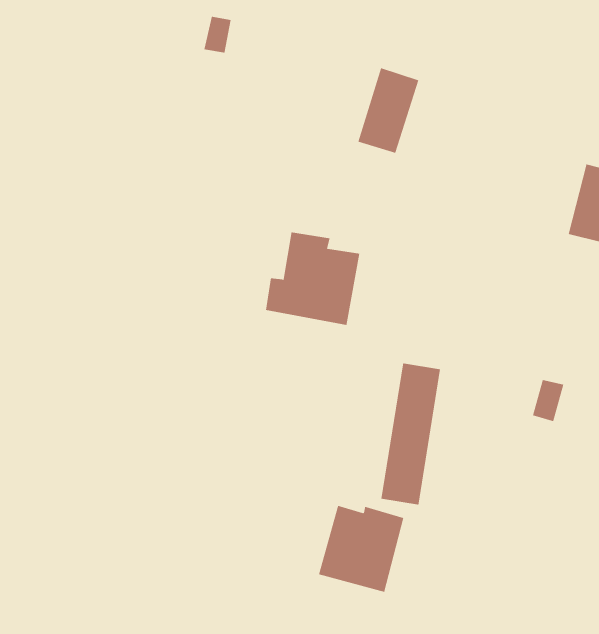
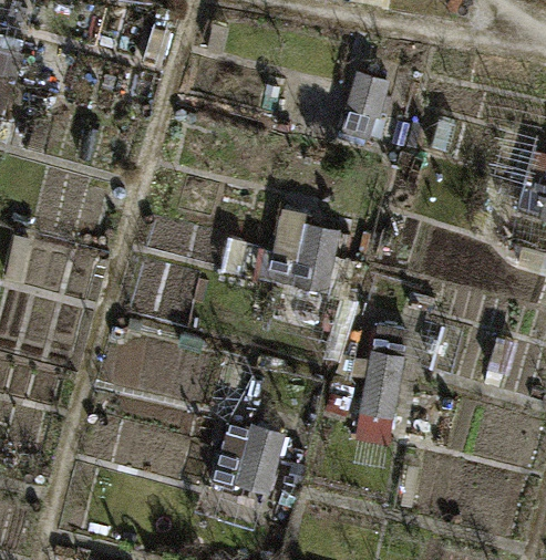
building: [318,505,404,592] -> [212,423,286,498]

